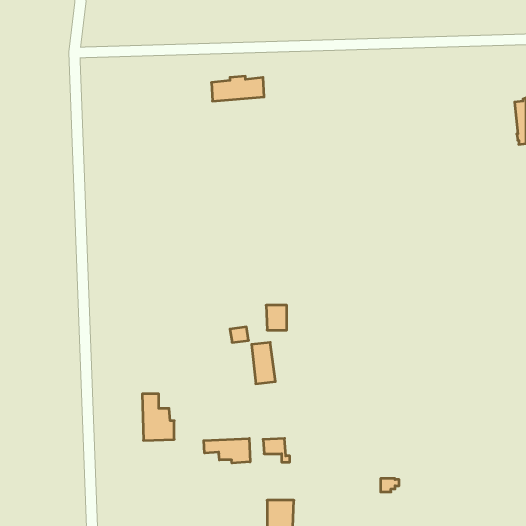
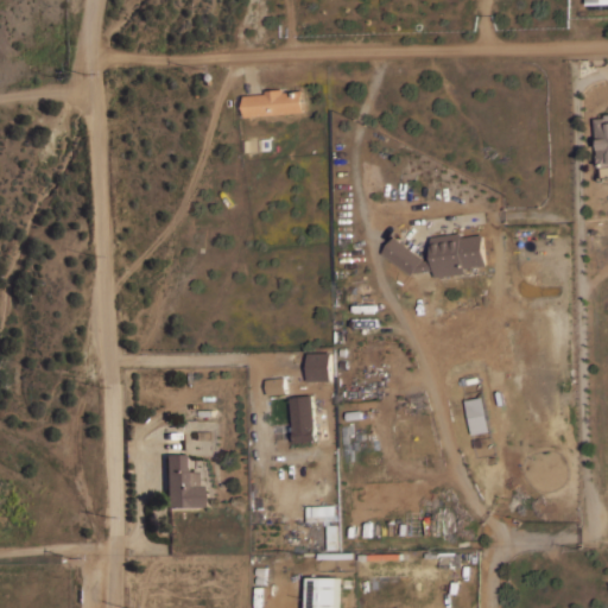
building: none -> [381,234,487,278]
building: none -> [462,398,484,435]
building: [204,438,250,463] -> none

